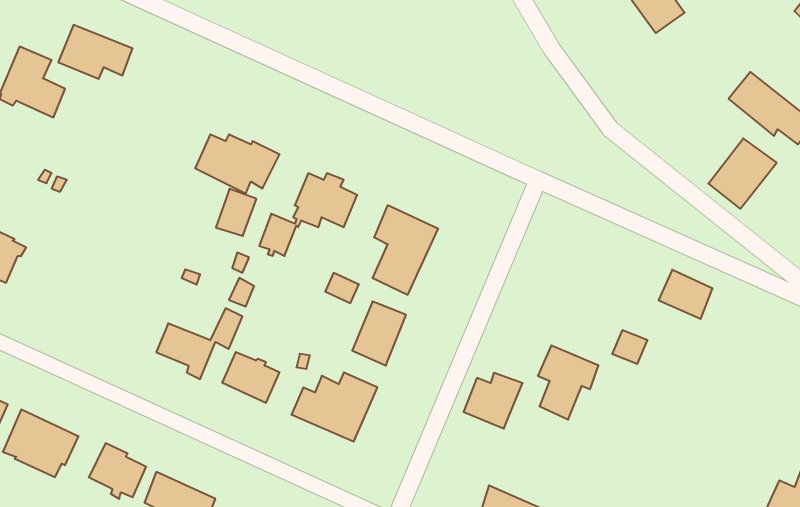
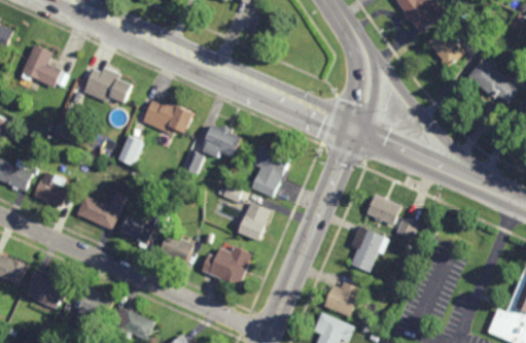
building: none -> [428,26,465,67]
building: [58,25,133,79] -> [84,70,130,103]
building: [708,138,777,209] -> none
building: [216,189,256,236] -> [118,136,143,165]
building: none -> [35,170,71,206]
building: [659,270,713,319] -> [367,196,400,226]
building: none -> [77,190,127,229]
building: [463,373,523,429] -> [325,283,361,317]

